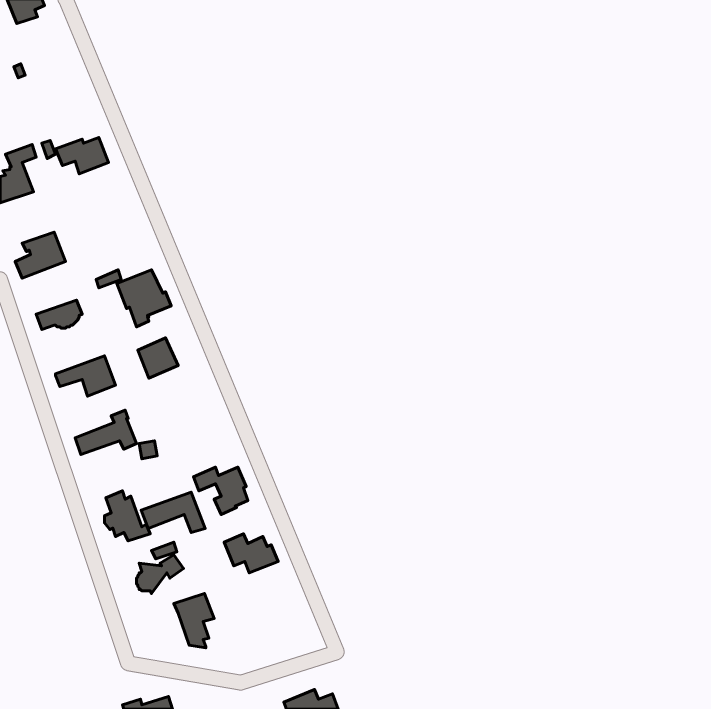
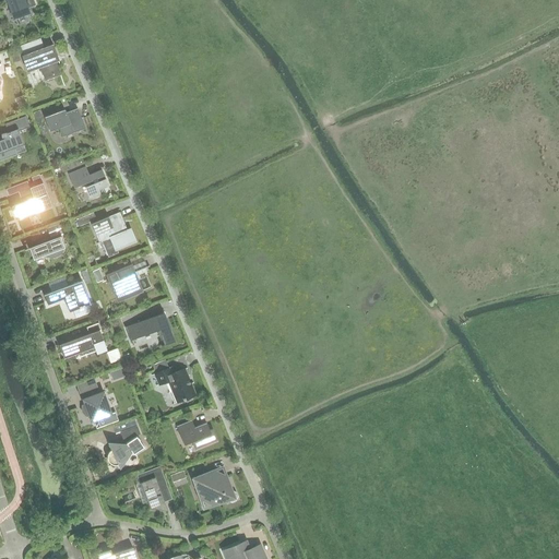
building: none -> [21,38,59,78]
building: none -> [68,166,108,199]
building: [141,492,205,533] -> [124,312,175,344]
building: none -> [192,469,237,509]

